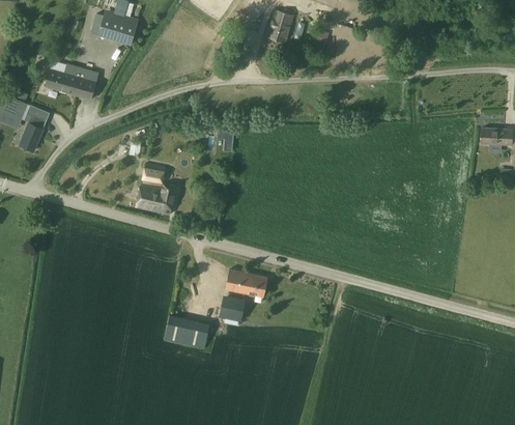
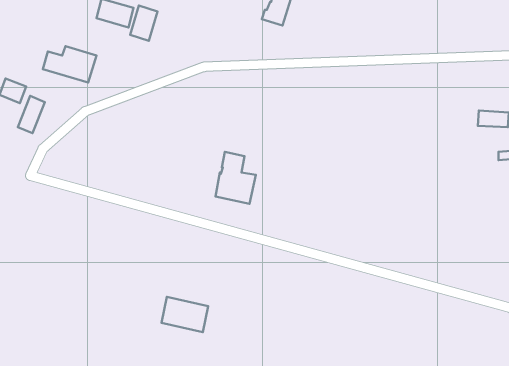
building: none -> [130,5,157,41]
building: [135,163,175,215] -> [216,152,256,204]
building: [224,268,267,296] -> none
building: [218,293,245,321] -> none

